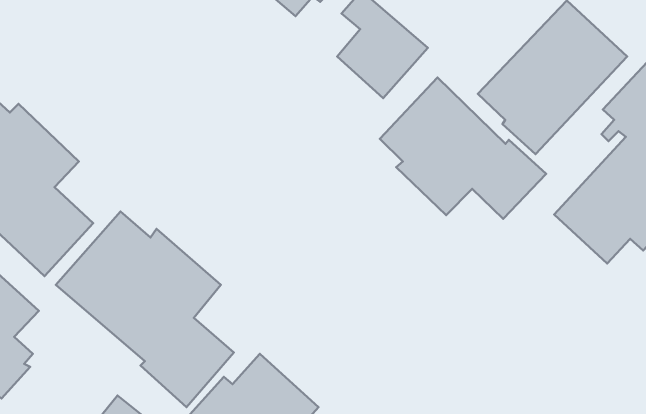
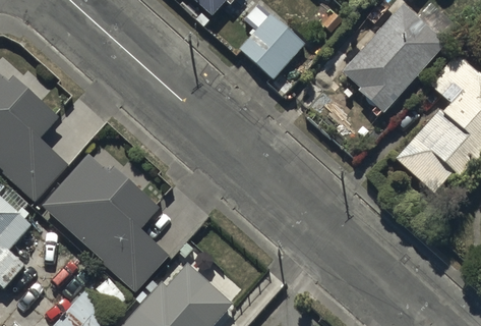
building: [380,78,546,219] -> none

